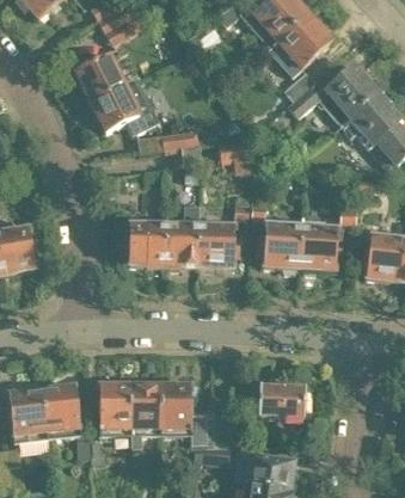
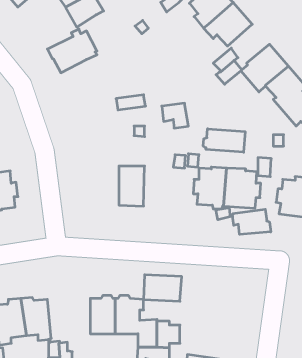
building: [92,79,158,134] -> none
building: none -> [203,129,245,152]
building: [123,217,165,268] -> none
building: [196,219,239,269] -> none
building: none -> [216,207,271,234]
building: [99,381,129,429] -> none
building: [258,385,306,418] -> [144,275,182,301]

